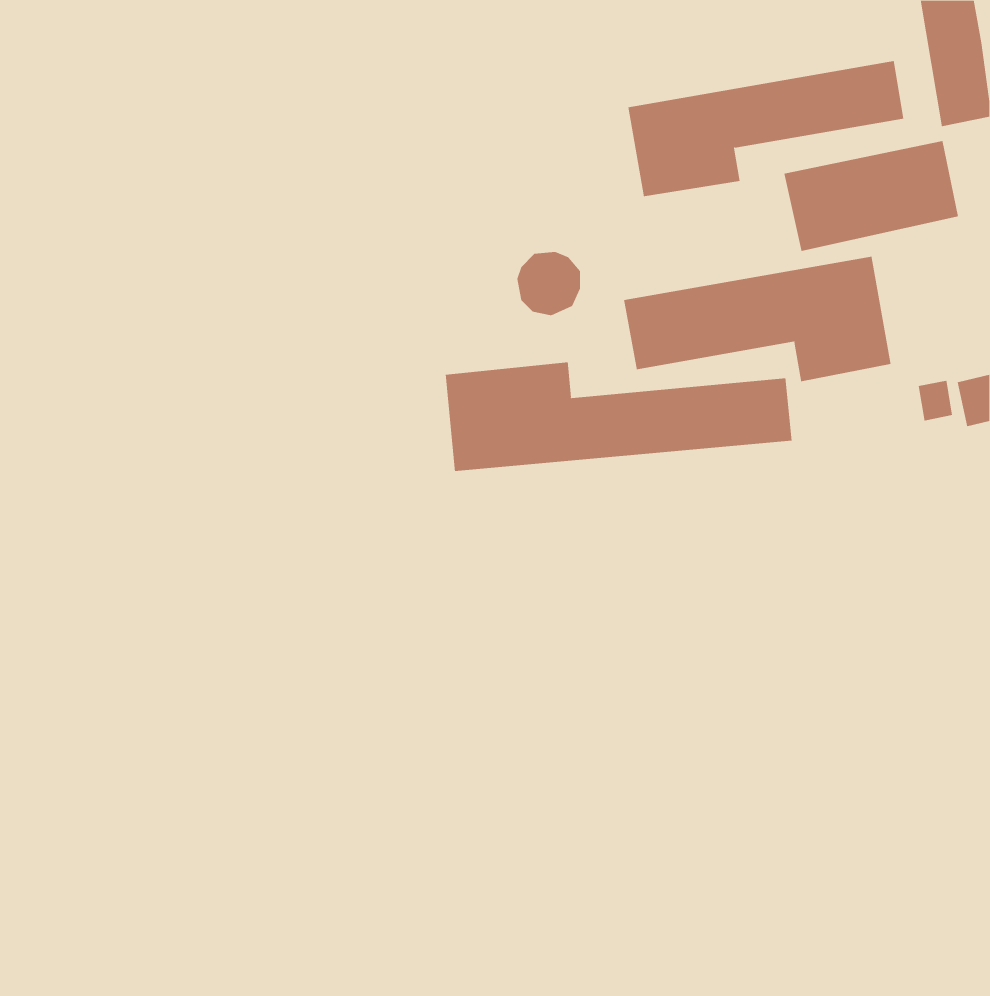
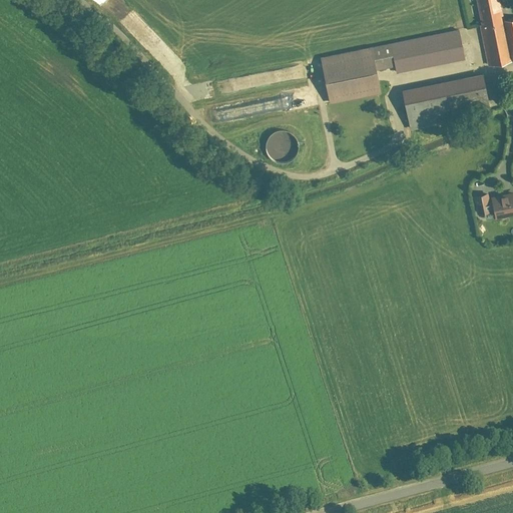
building: [624,256,891,382] -> none
building: [445,361,792,472] -> none

